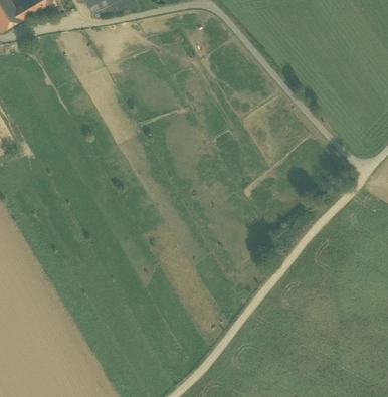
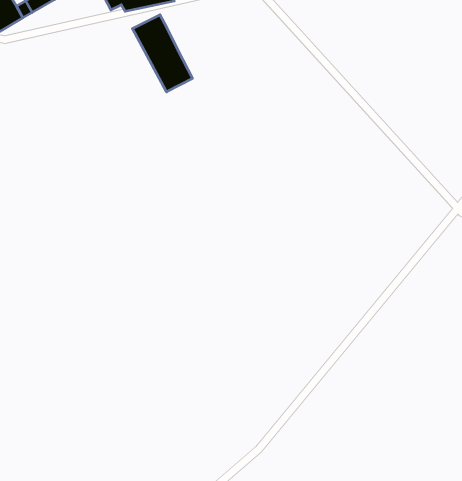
building: none -> [132,15,192,92]

